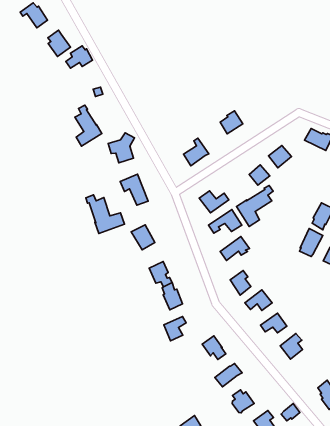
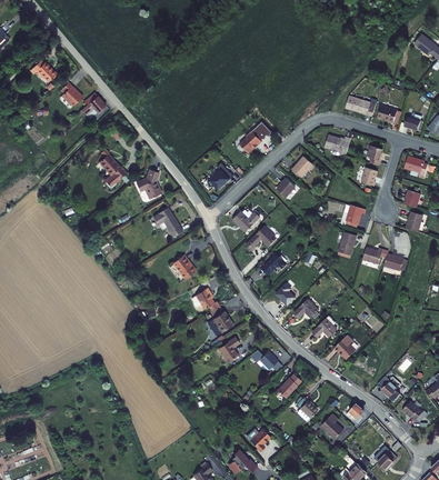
building: [237,185,273,226] -> none
building: [86,195,125,233] -> none

